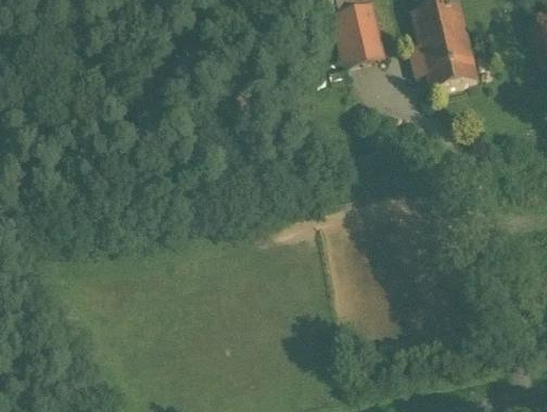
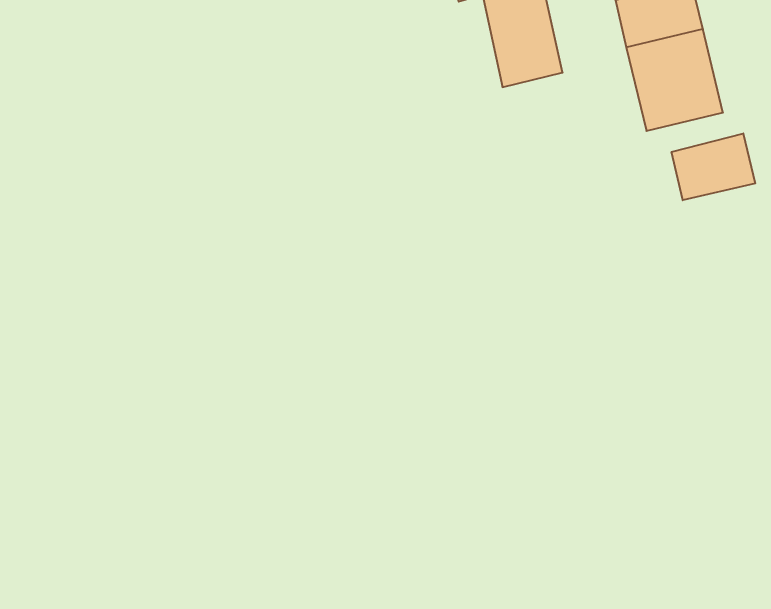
building: none -> [672,133,755,200]

